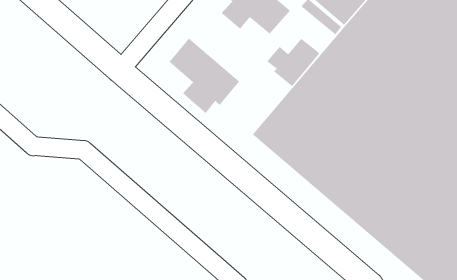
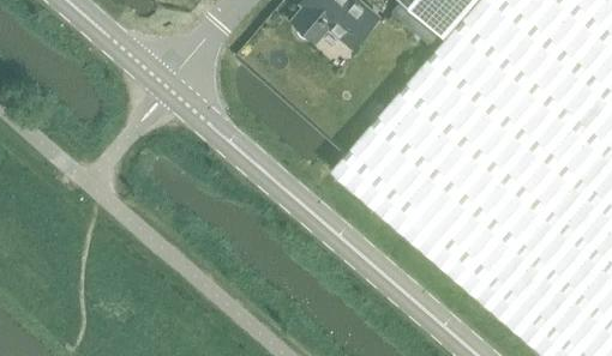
building: [169,38,240,114] -> none
building: [266,38,320,87] -> none

